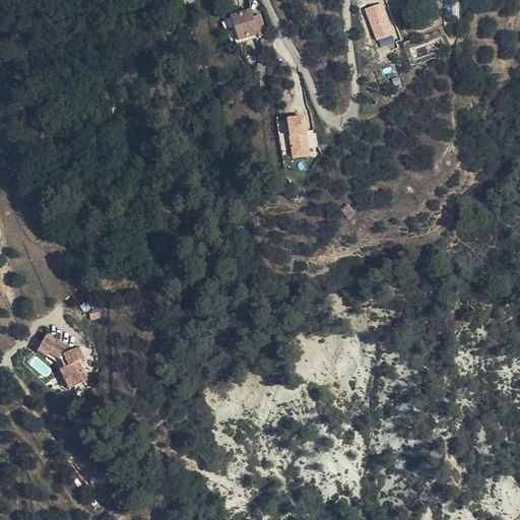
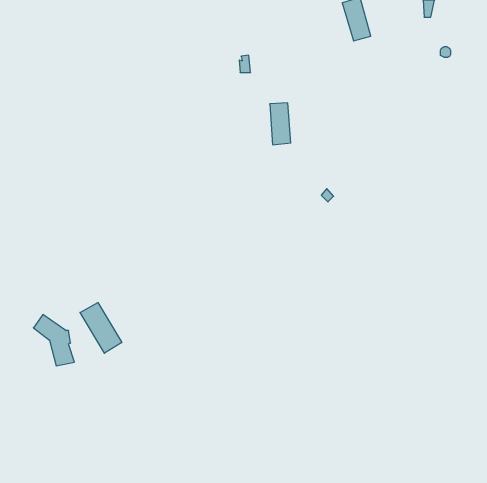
building: [231,7,266,38] -> none
building: none -> [80,303,122,353]

